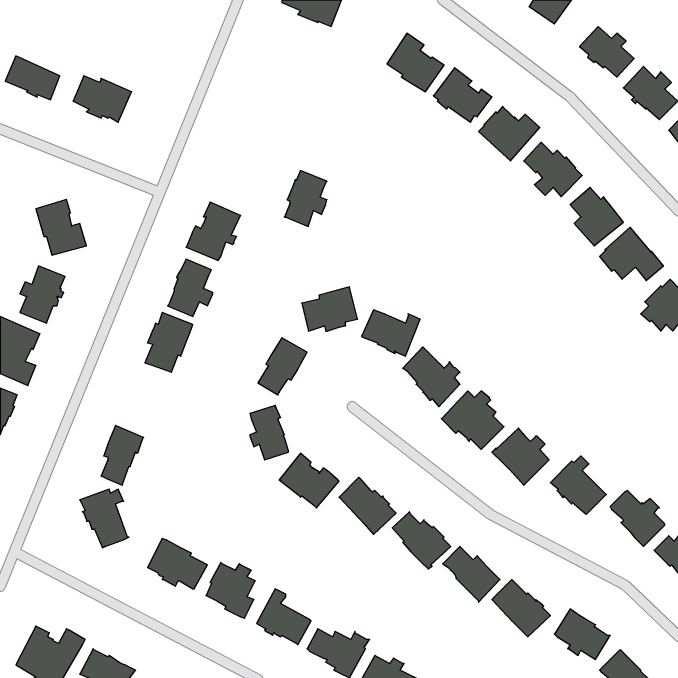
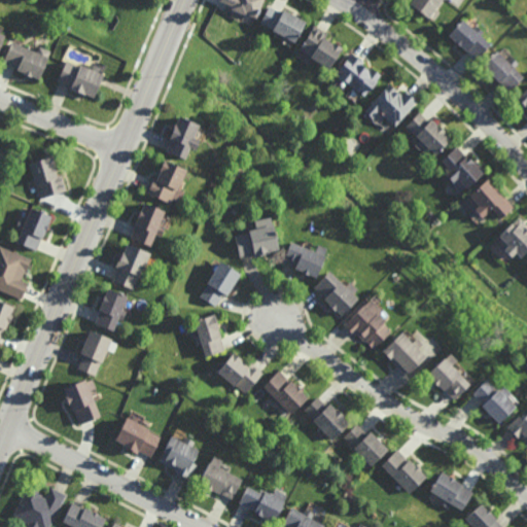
building: none -> [261,7,308,45]
building: [284,171,327,226] -> [167,114,200,157]
building: none -> [96,288,128,331]

